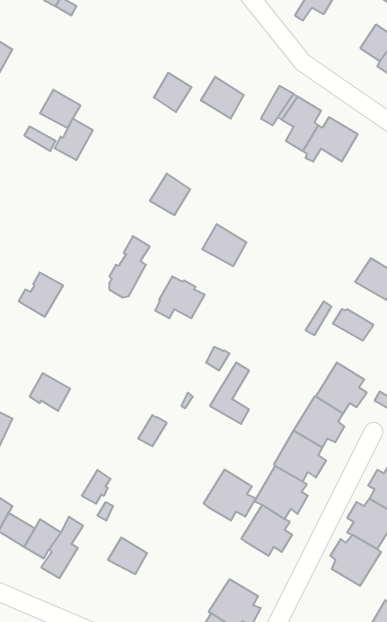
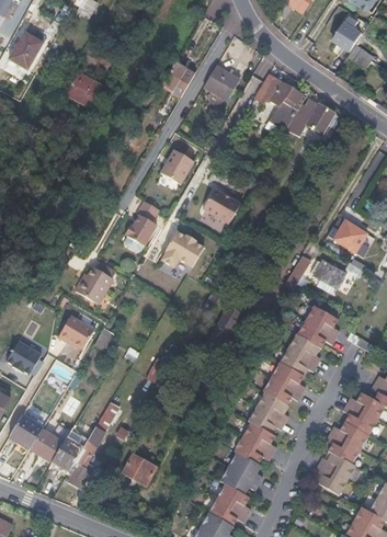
building: [55,118,93,160] -> none
building: [19,272,63,317] -> [75,264,112,301]
building: [204,470,256,521] -> [220,456,264,499]

